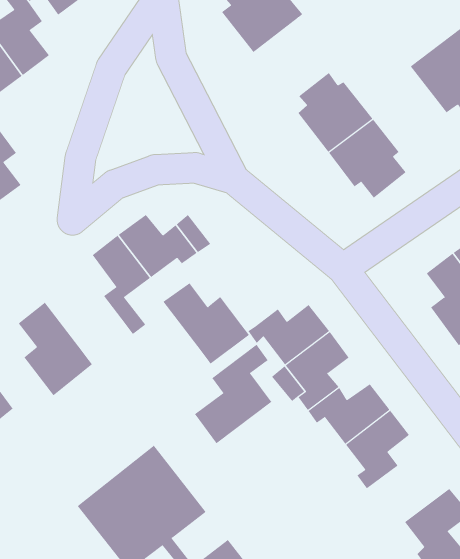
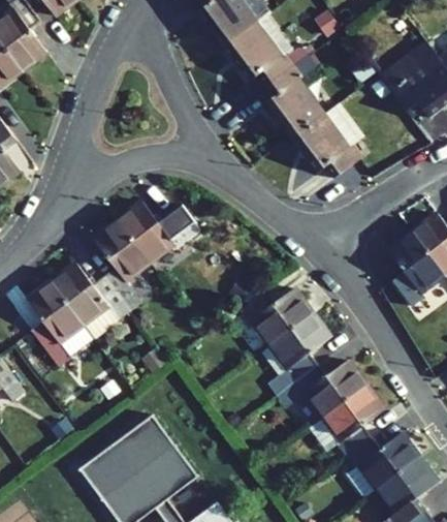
building: none -> [235,23,319,94]
building: [163,283,250,364] -> [46,264,126,338]
building: [194,344,272,444] -> none
building: none -> [339,427,414,482]

